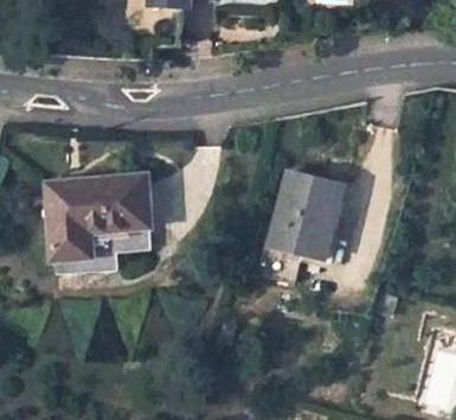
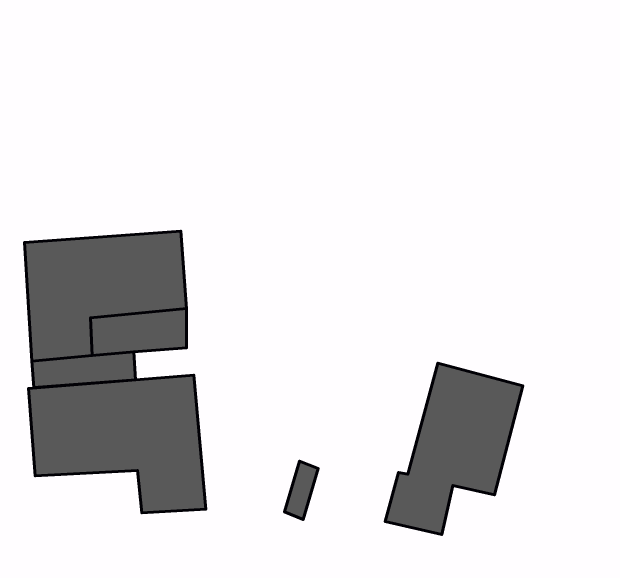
building: [252,173,339,281] -> [385,363,523,535]
building: none -> [28,375,206,513]

